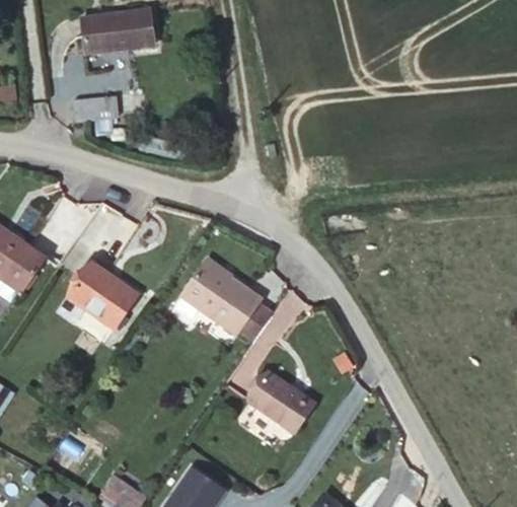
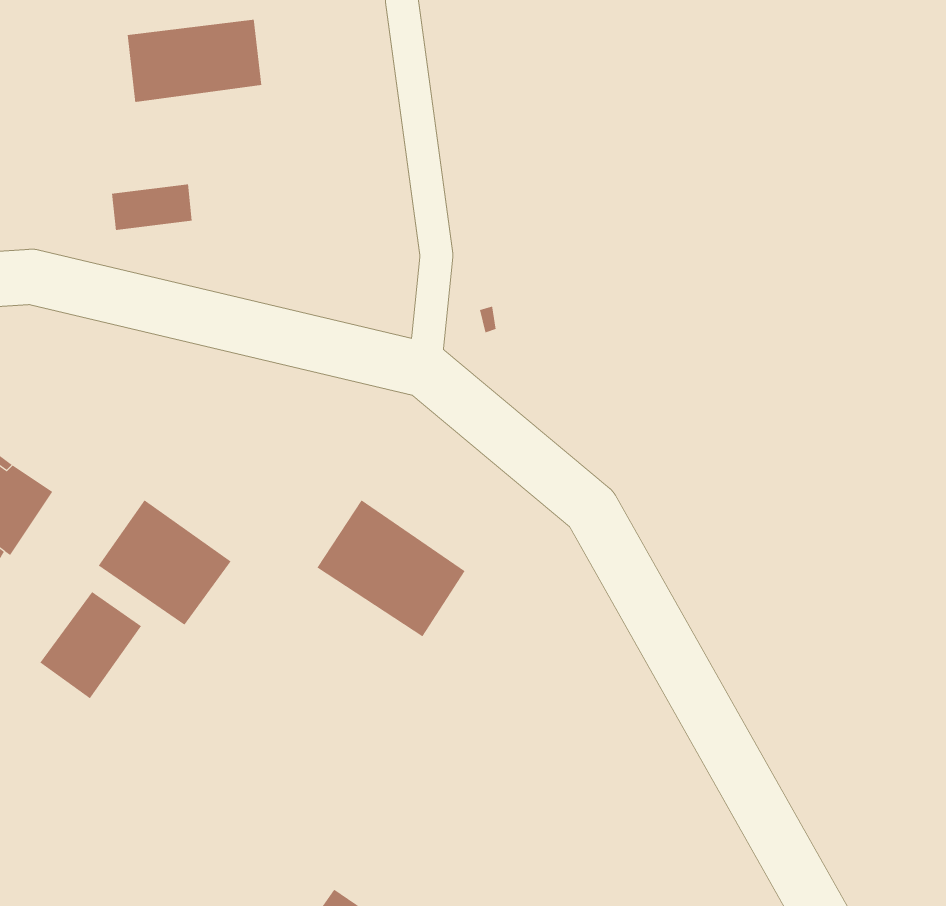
building: none -> [40,591,142,699]
building: [248,372,315,434] -> none

